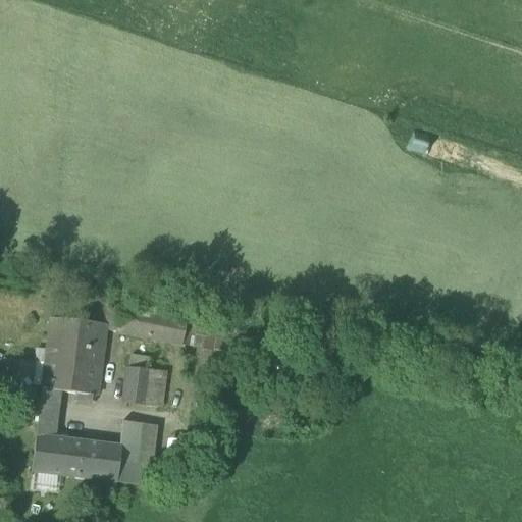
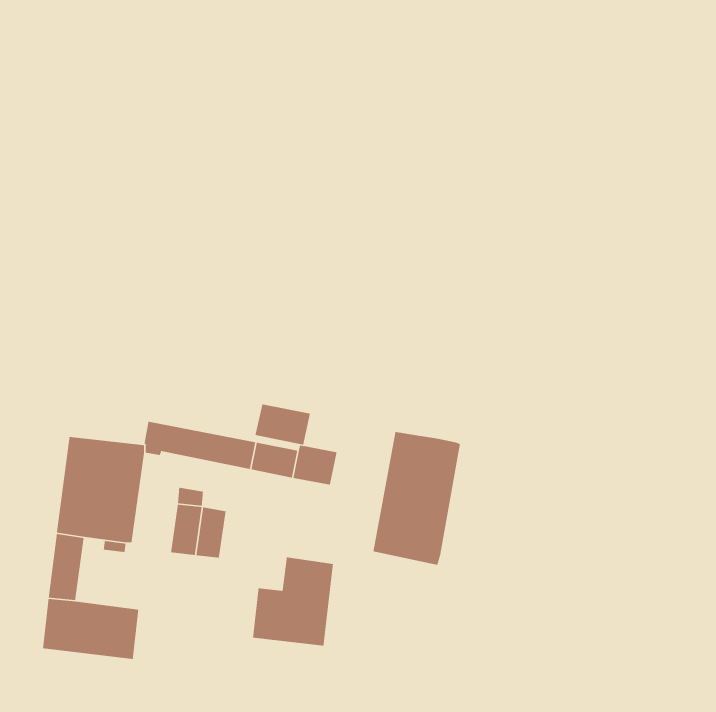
building: none -> [254,403,311,445]
building: none -> [372,431,461,566]
building: [99,419,158,484] -> [252,556,334,646]

